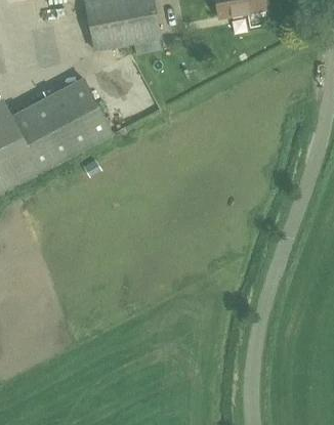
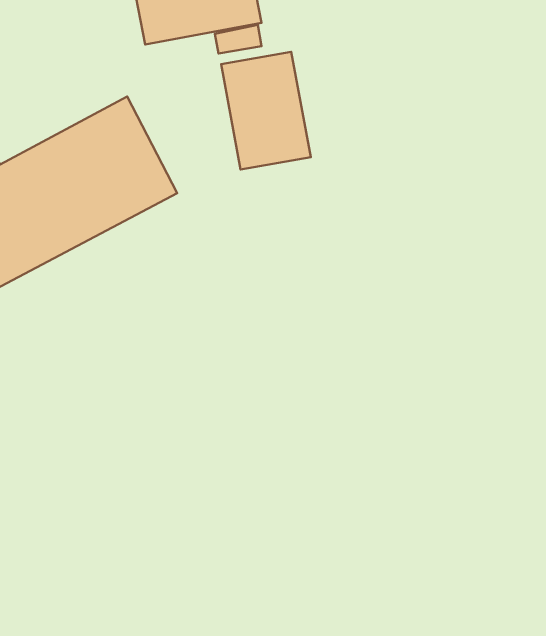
building: none -> [221,52,311,170]

